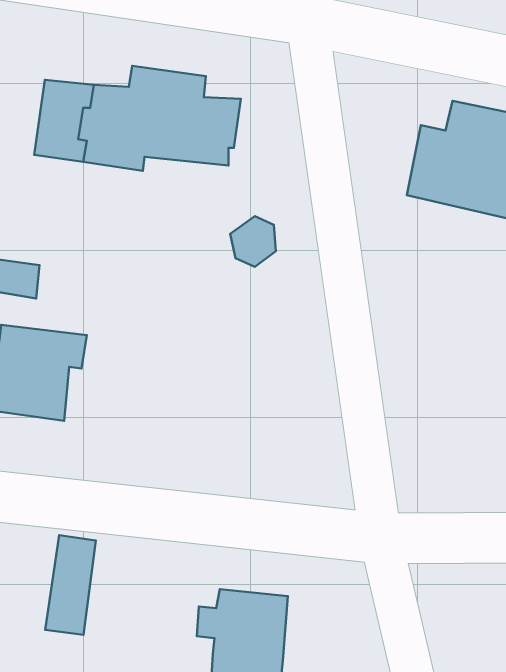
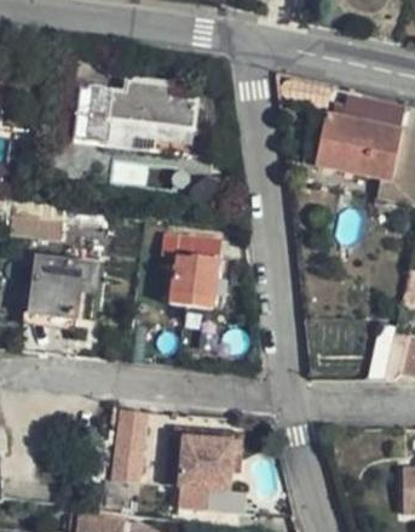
building: none -> [162,231,221,298]
building: [45,535,96,635] -> [111,408,146,477]

